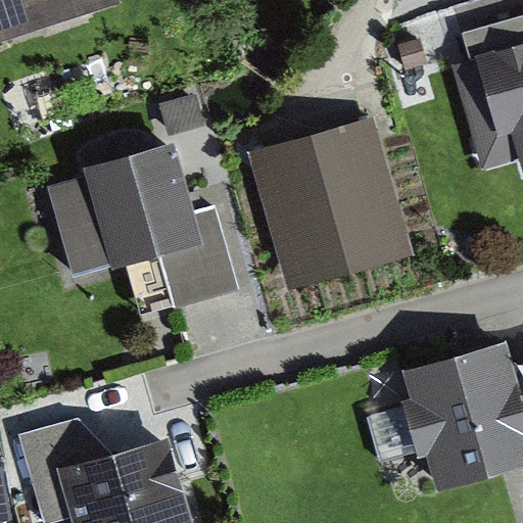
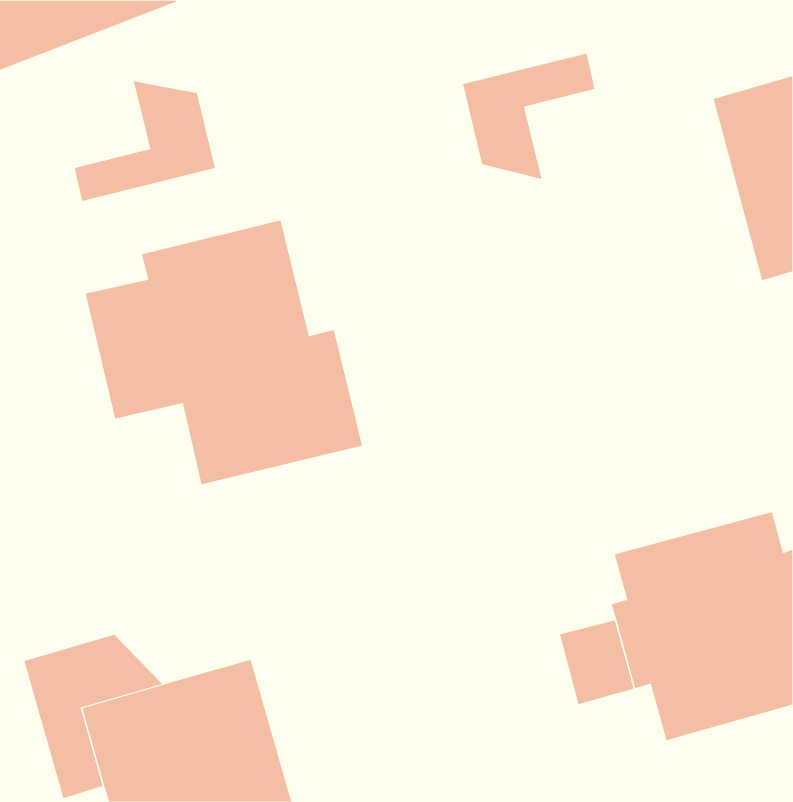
building: none -> [463,53,595,180]
building: none -> [74,81,216,202]
building: [265,123,403,289] -> none

